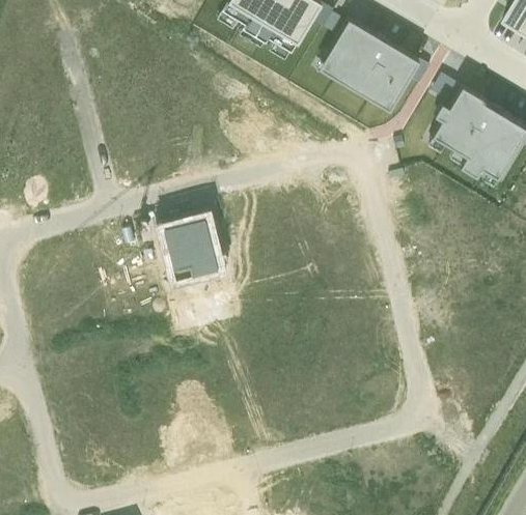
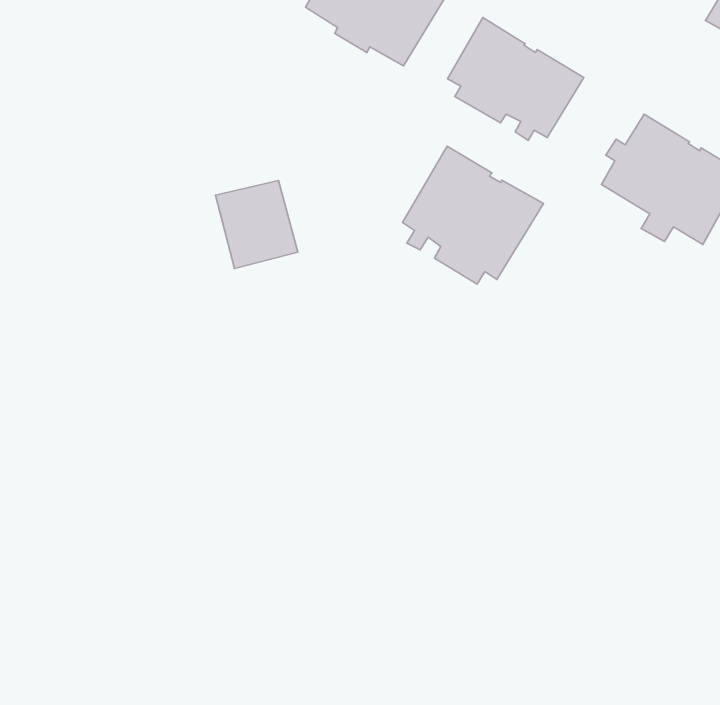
building: none -> [403,146,543,284]
building: [162,218,220,280] -> [216,180,298,268]

